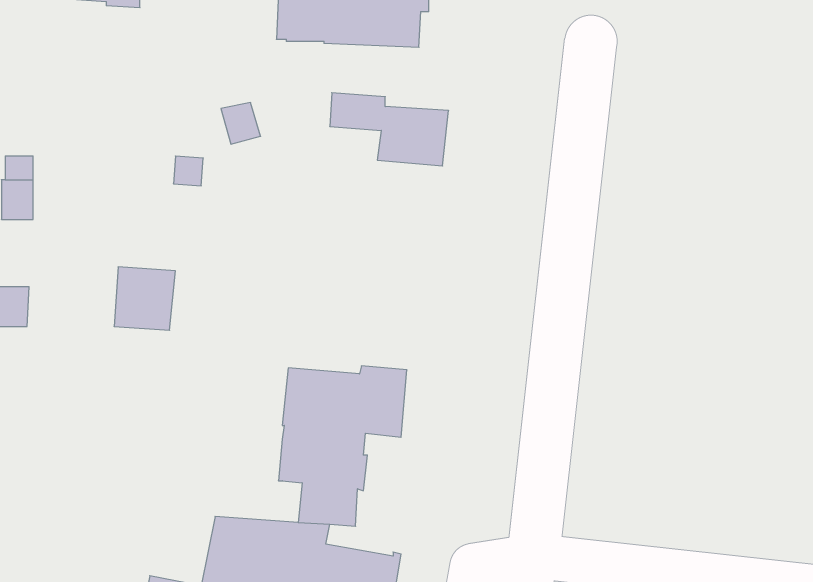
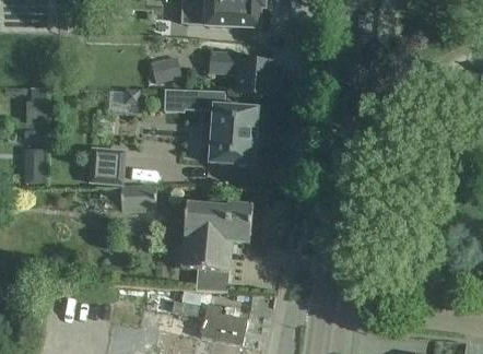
building: none -> [184,87,258,165]
building: none -> [120,185,154,211]

